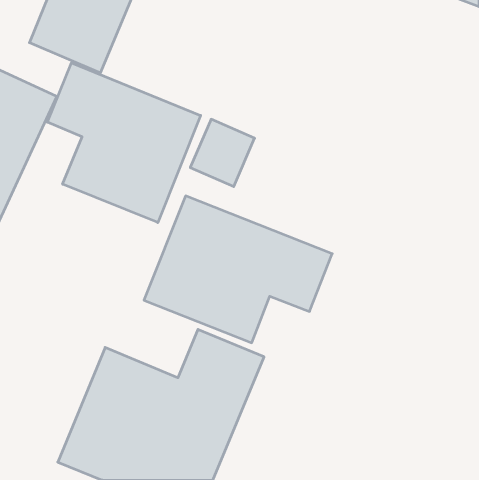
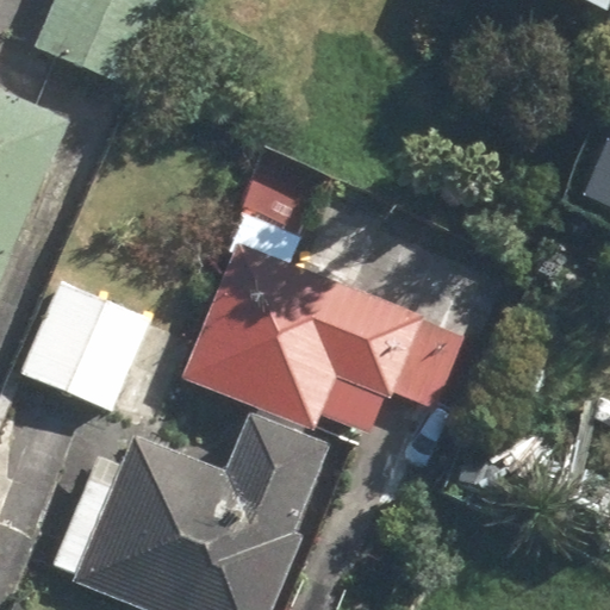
building: [47,63,201,223] -> none
building: none -> [21,280,148,410]

